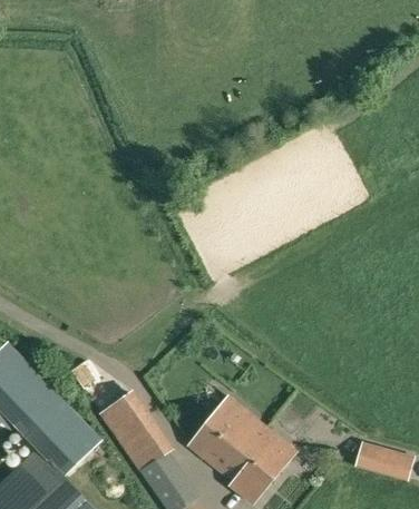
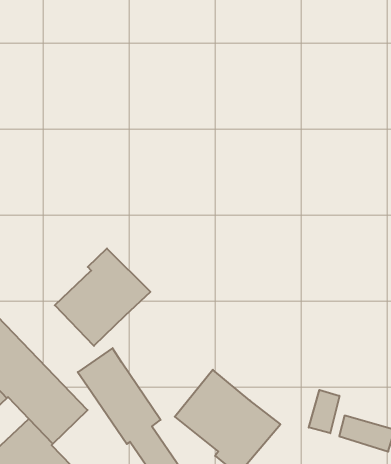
building: none -> [55,248,150,346]
building: none -> [309,390,339,433]

